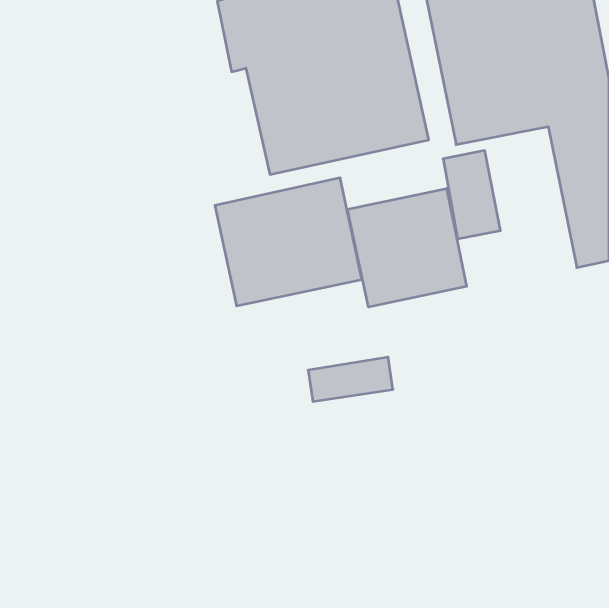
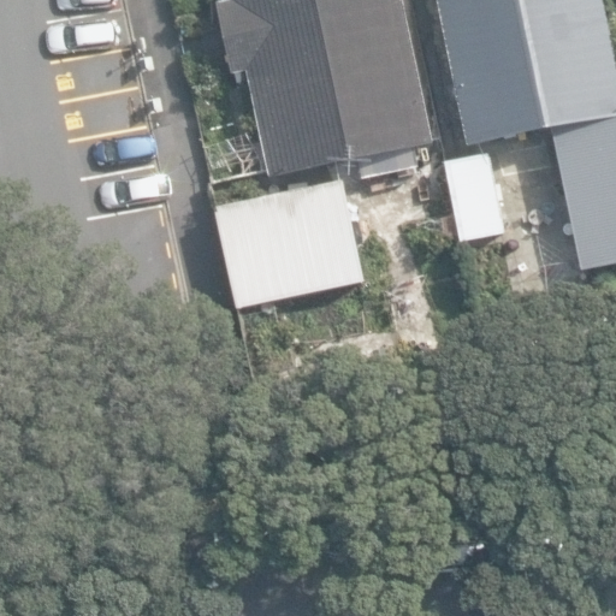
building: [348,188,467,307] -> none

